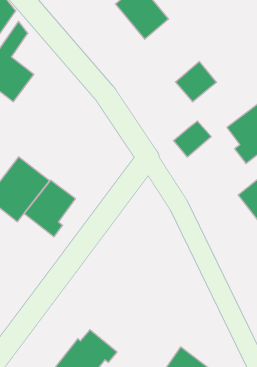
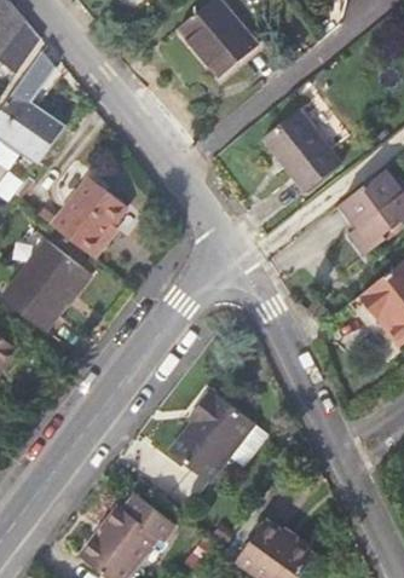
building: [173,121,211,157] -> [288,138,341,189]
building: [24,180,75,237] -> [48,180,121,260]
building: none -> [178,381,261,474]

